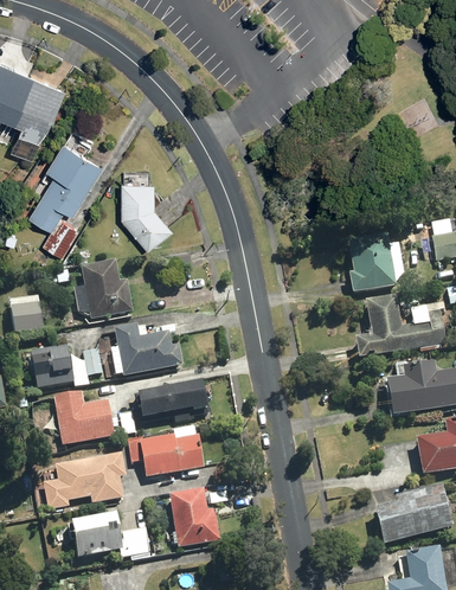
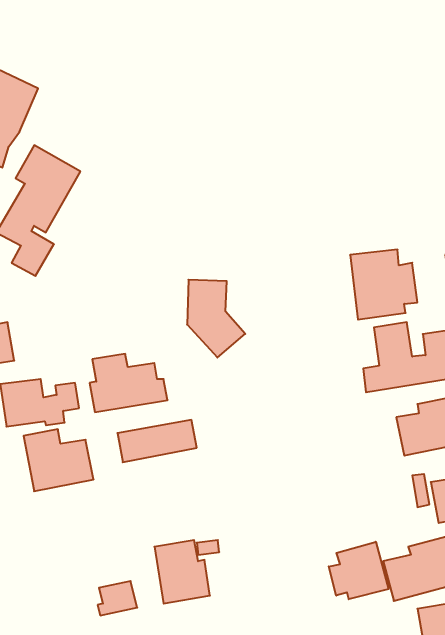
building: [118,177,171,246] -> [187,280,245,358]
building: [75,259,131,319] -> none
building: [126,425,205,477] -> none
building: [43,451,124,512] -> none
building: none -> [329,542,389,599]
building: [70,512,123,558] -> none

